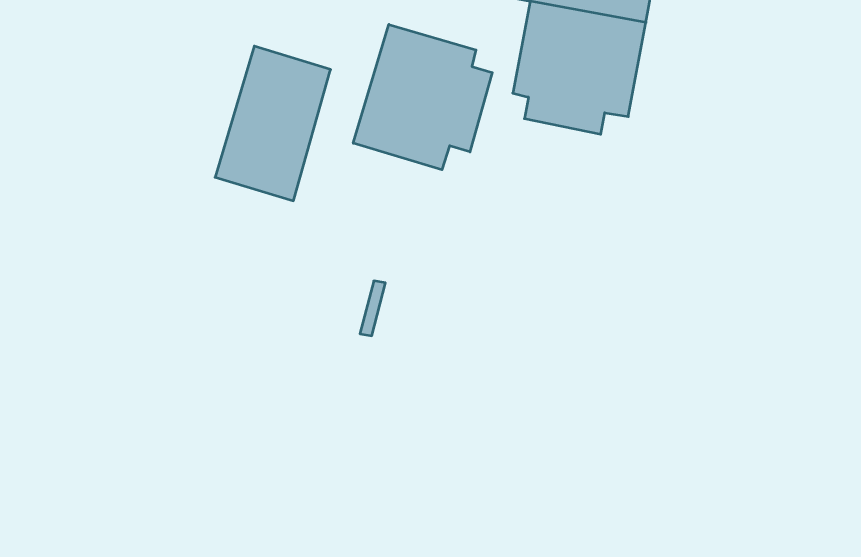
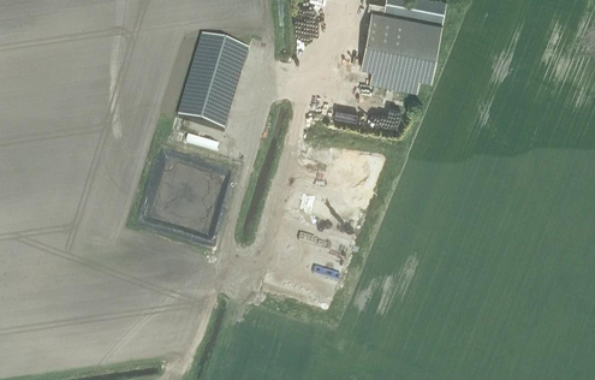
building: [353,24,492,170] -> none

